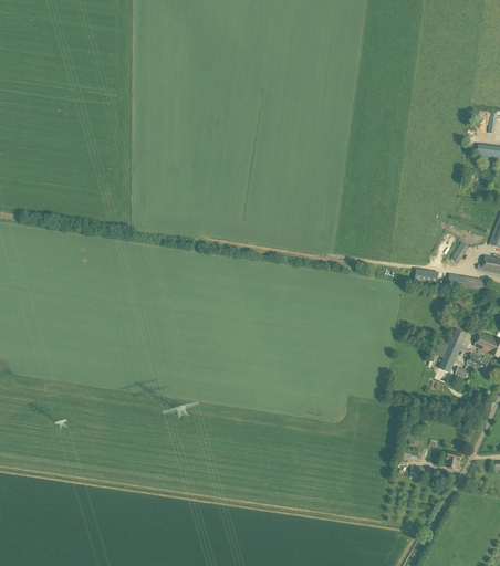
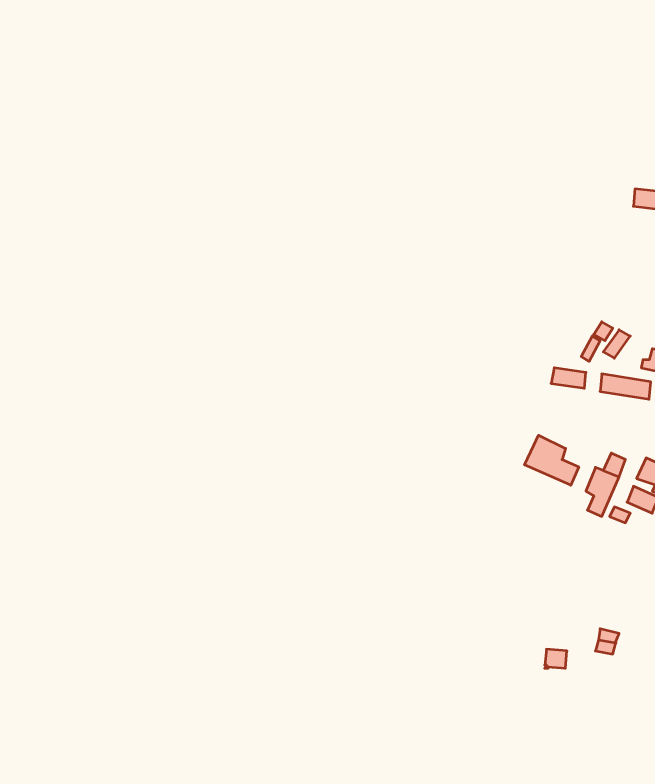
building: none -> [525,435,579,485]

